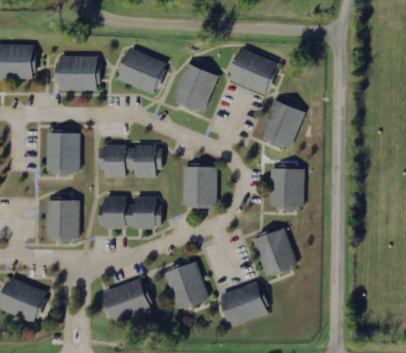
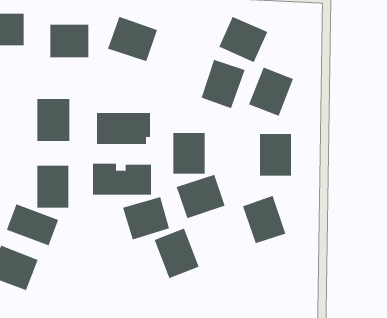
building: [172,63,217,113] -> [201,59,245,109]
building: none -> [6,203,59,246]
building: [103,280,151,324] -> [122,197,170,240]
building: [219,282,269,327] -> [176,174,226,219]

